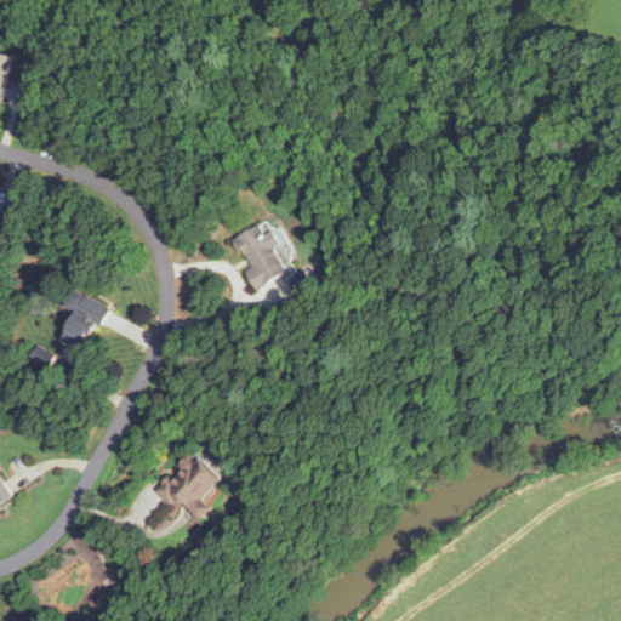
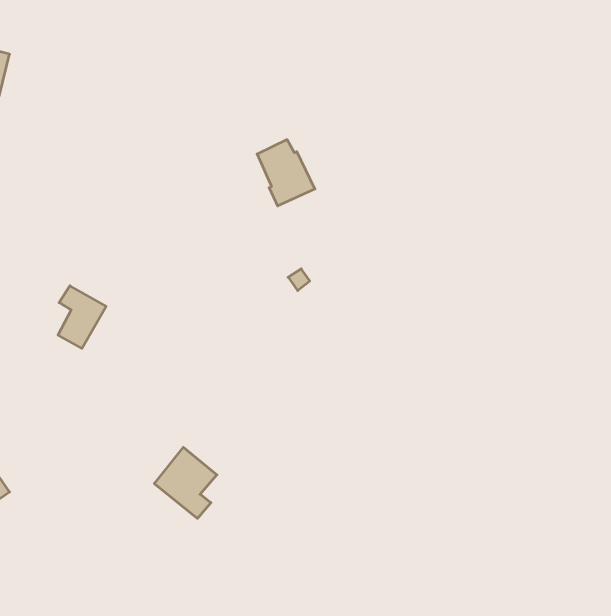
building: [232,221,290,287] -> [257,140,315,206]

